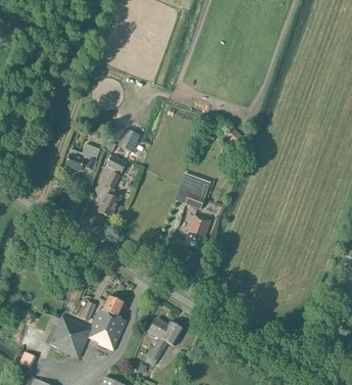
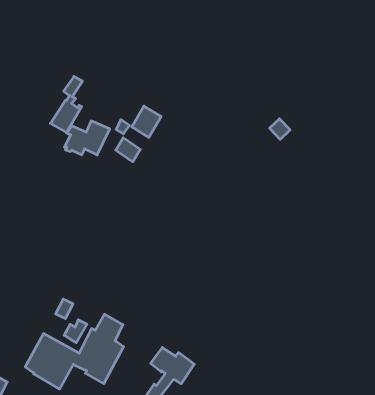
building: [97,172,120,216] -> [50,76,82,133]
building: [174,173,210,208] -> none
building: [185,213,209,247] -> none

